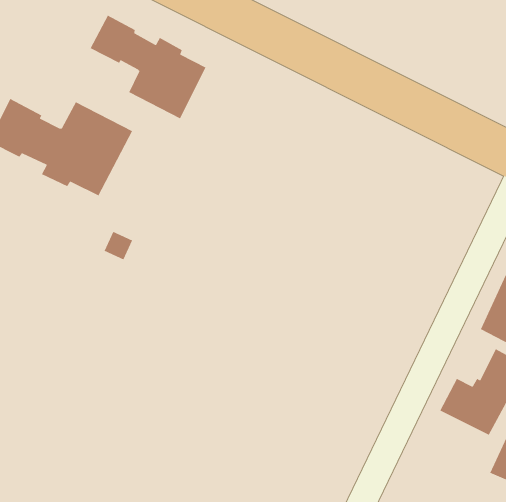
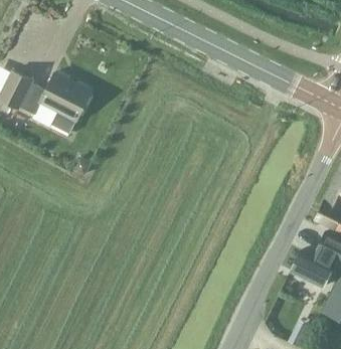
building: [90,15,207,119] -> none

